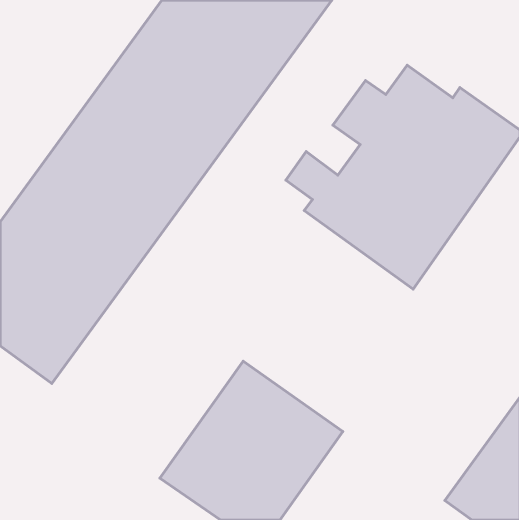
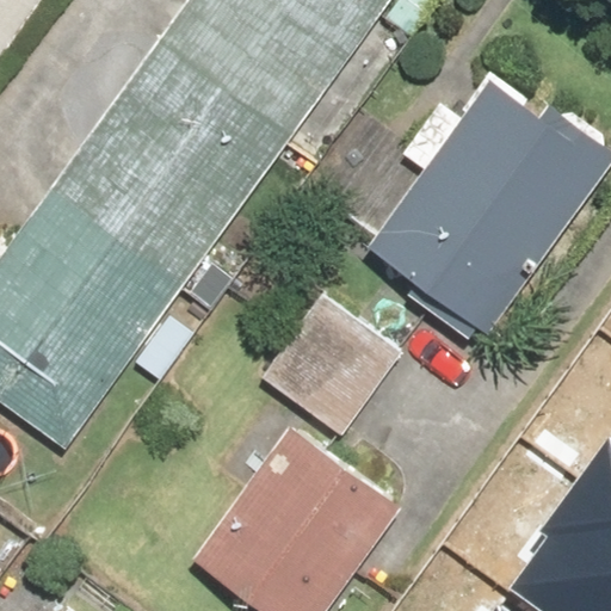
building: none -> [261,295,402,436]

